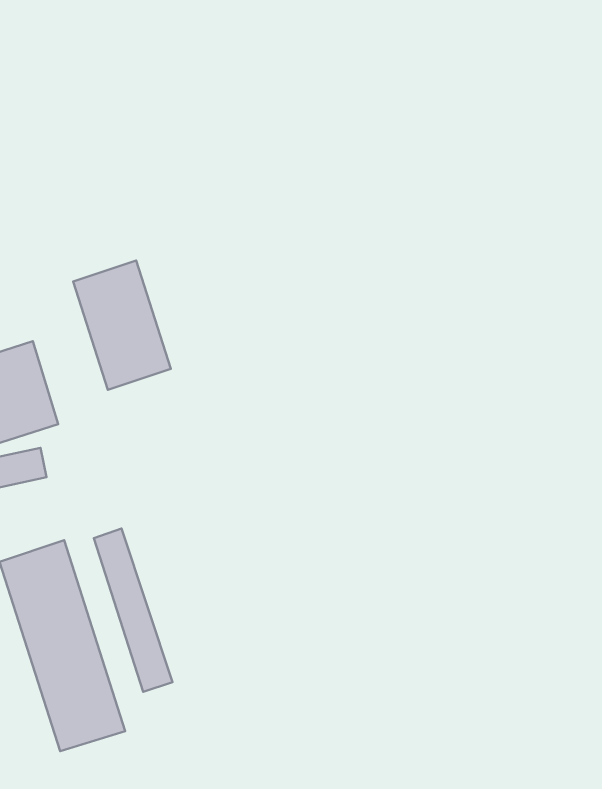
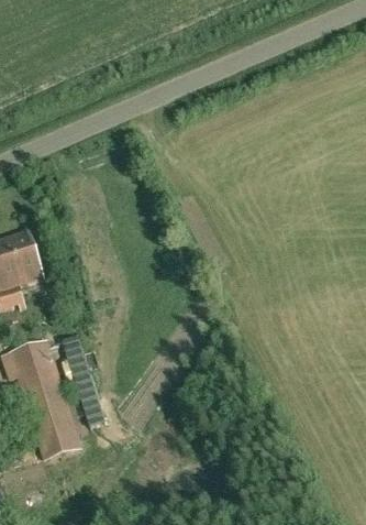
building: [73,260,171,390] -> none

